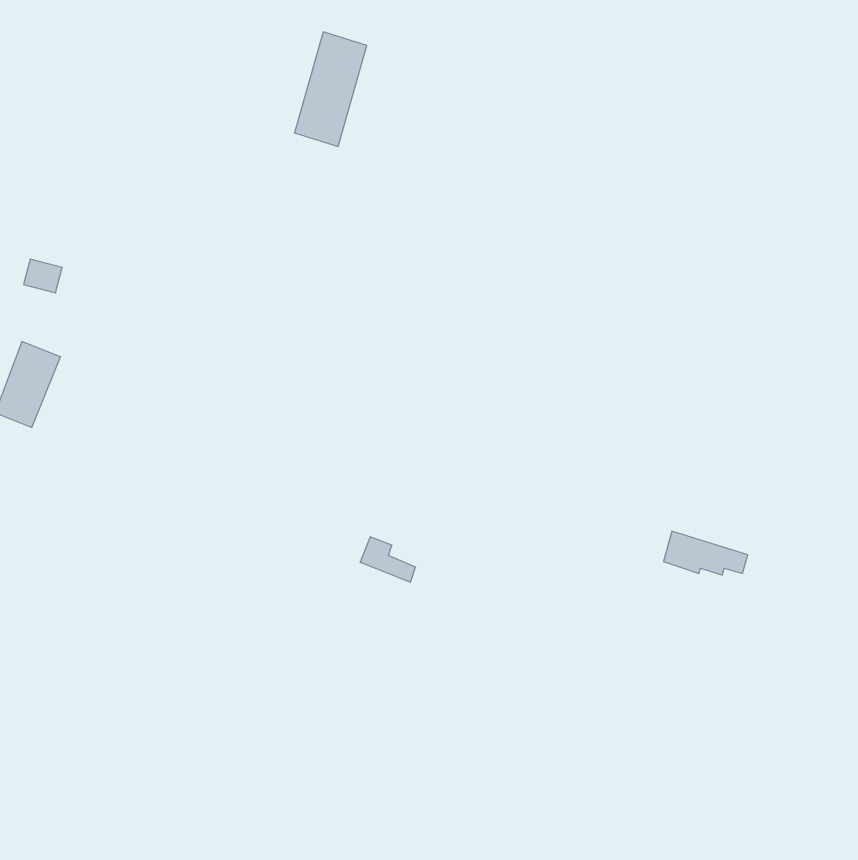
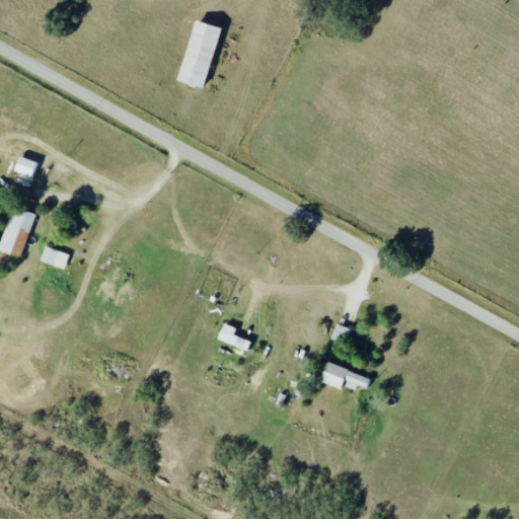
building: none -> [40,246,69,269]
building: [664,531,748,575] -> [320,363,371,389]

